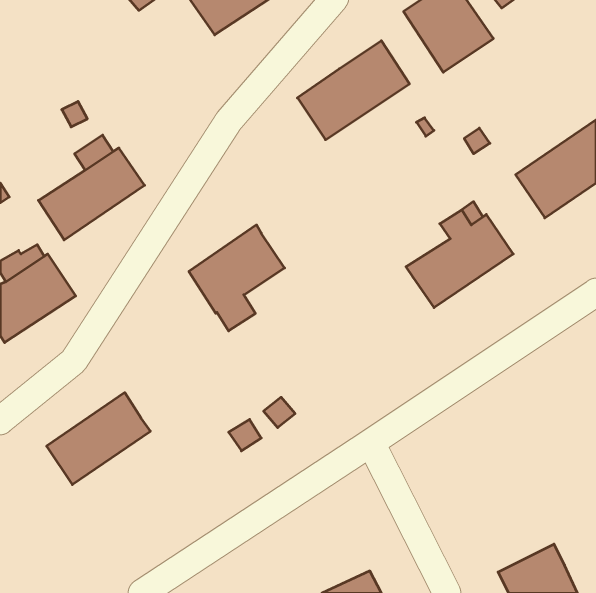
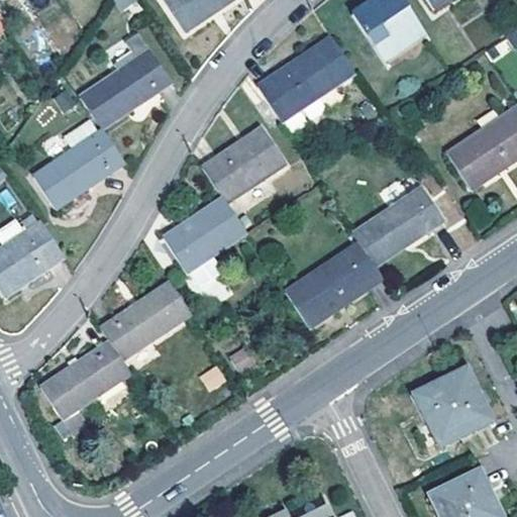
building: none -> [80,25,185,128]
building: none -> [203,126,285,202]
building: none -> [285,240,384,328]
building: none -> [99,282,190,363]
building: none -> [416,370,491,444]

